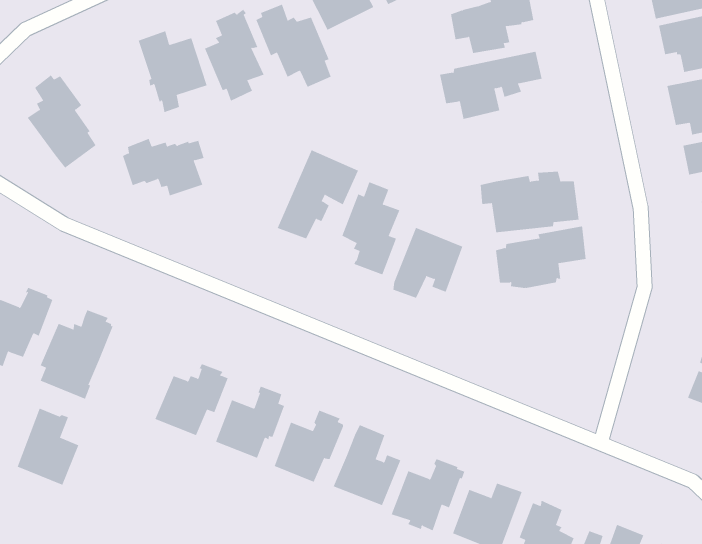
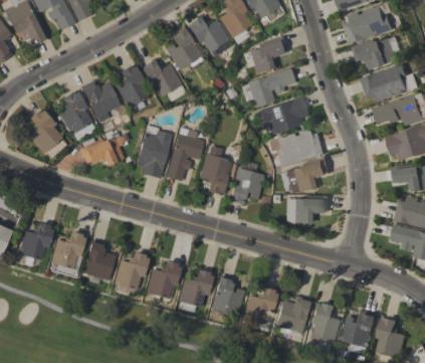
building: none -> [57,90,95,140]
building: none -> [259,96,308,135]
building: none -> [137,125,172,178]
building: none -> [286,195,330,222]
building: [17,408,79,486] -> [83,240,115,280]

